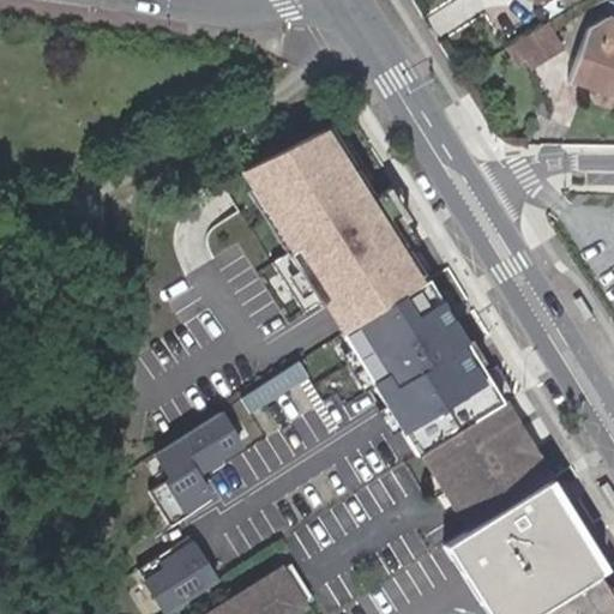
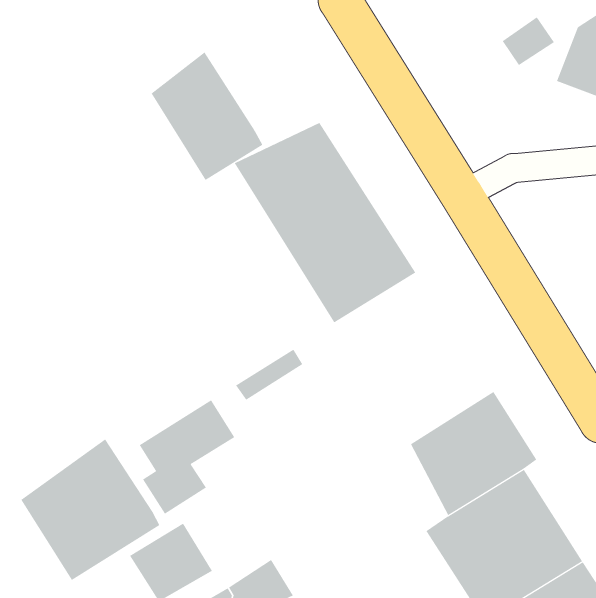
building: none -> [151,51,263,181]
building: [345,281,508,456] -> none
building: none -> [21,439,160,581]

